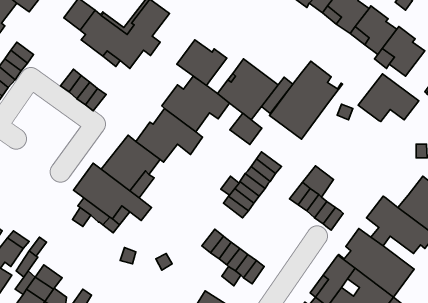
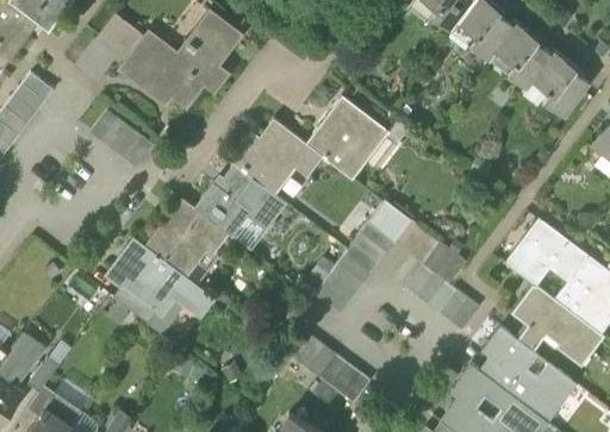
building: [177,40,227,85] -> none
building: [270,61,342,139] -> none
building: [358,74,419,122] -> [505,219,589,284]
building: [230,113,262,145] -> [367,200,411,243]
building: none -> [232,212,269,250]

